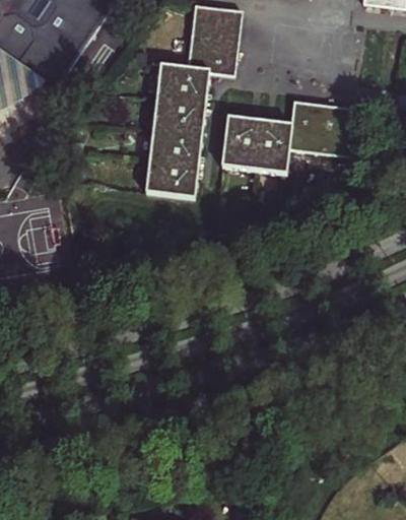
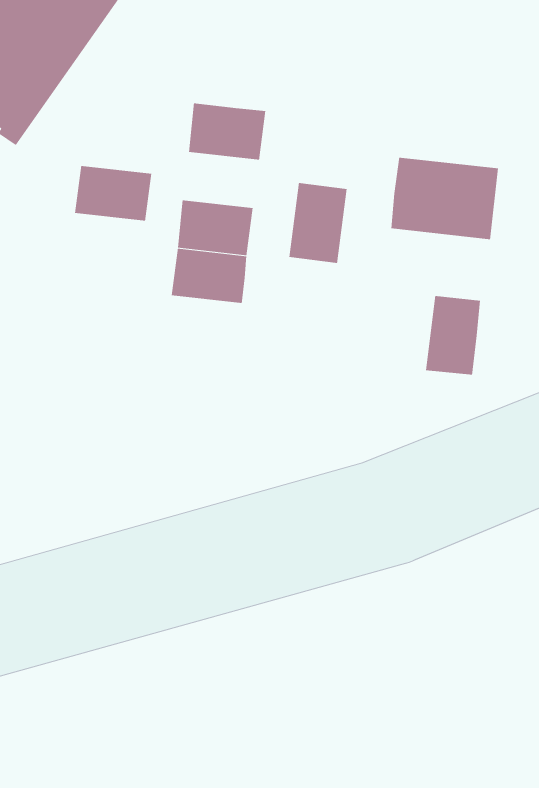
building: [188,9,240,77] -> none
building: [153,101,203,136] -> [74,166,152,221]
building: [253,124,288,175] -> [425,296,481,375]

